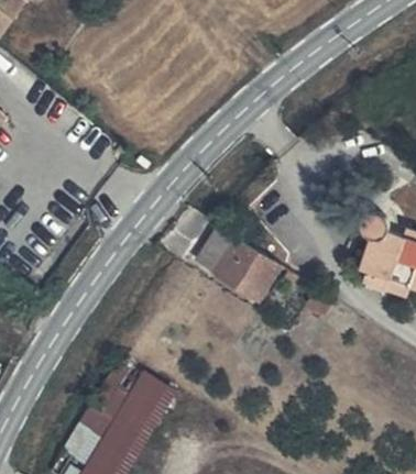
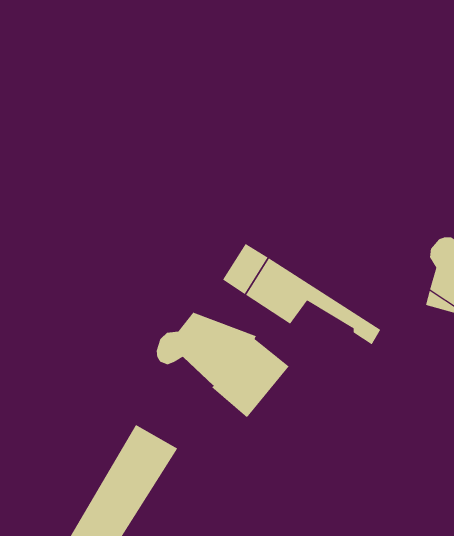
building: none -> [156,312,289,418]

